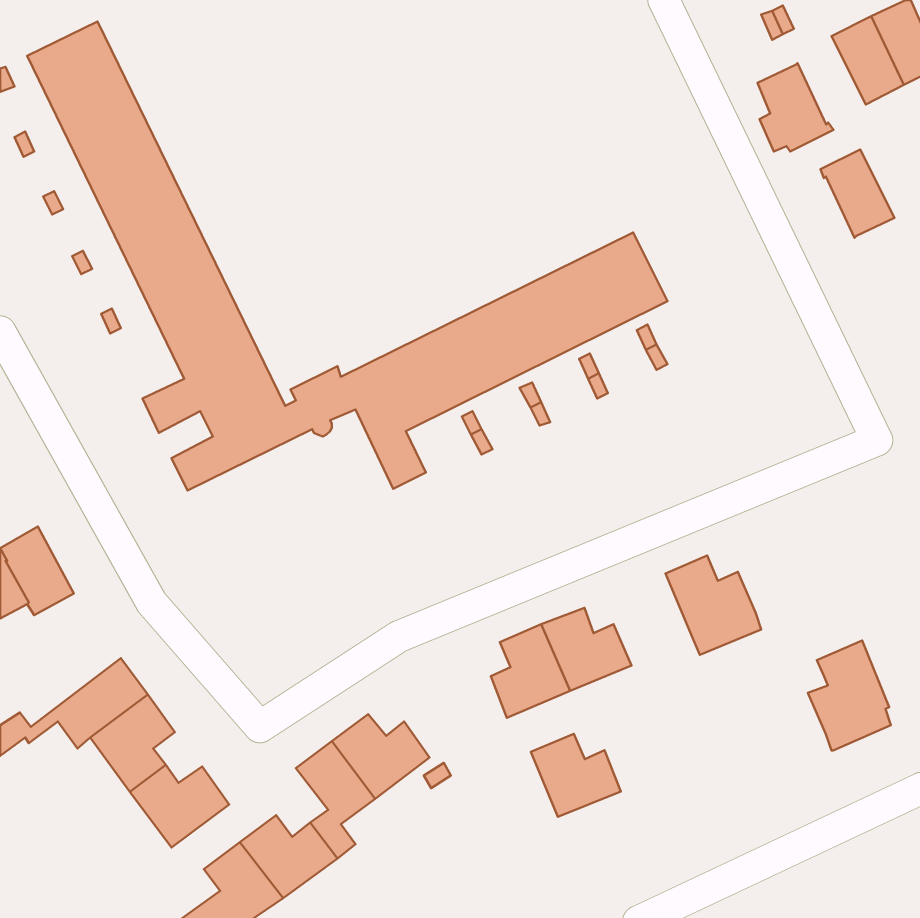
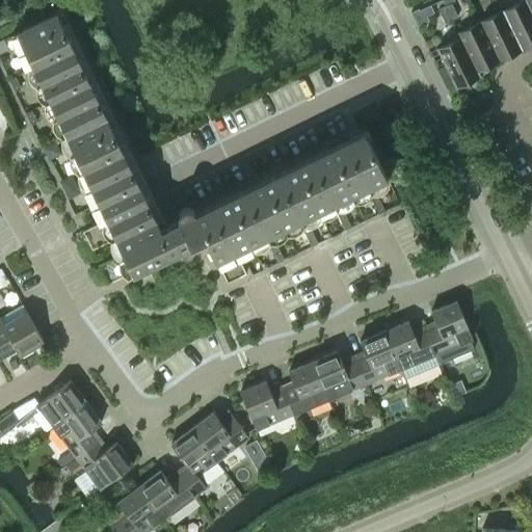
building: [820,149,894,238] -> [457,23,500,74]
building: none -> [354,332,400,385]
building: [808,640,891,750] -> [426,301,474,365]
building: [531,734,621,817] -> [241,382,293,430]

